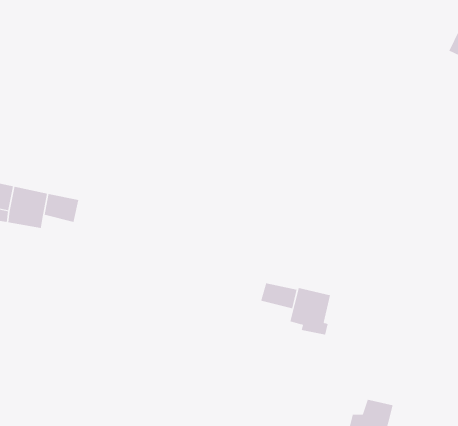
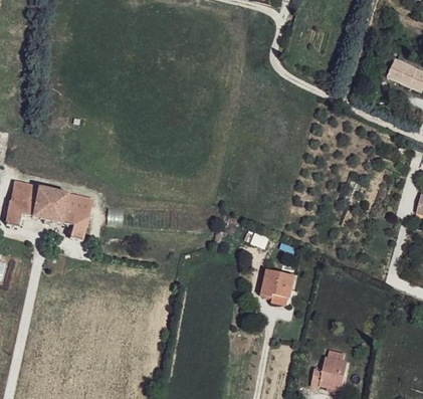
building: none -> [62,209,88,238]
building: [260,283,297,309] -> none

